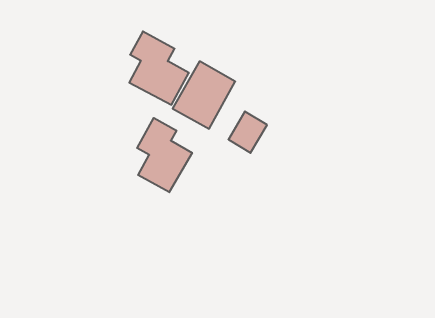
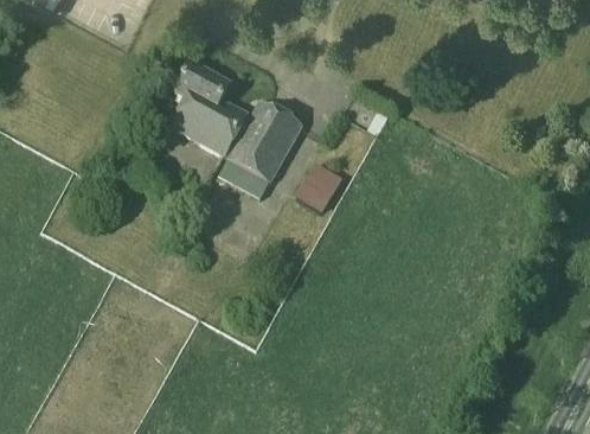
building: [137,118,192,192] -> none

